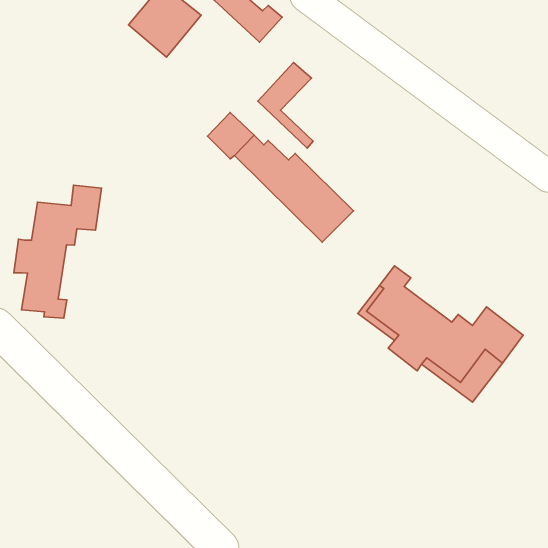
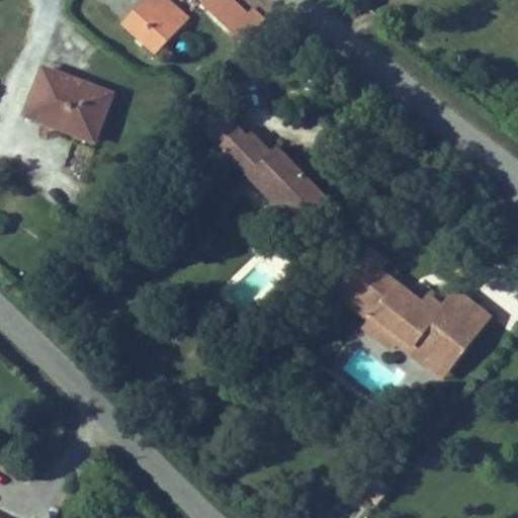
building: [258,62,313,148] -> none
building: none -> [22,64,114,143]
building: [14,185,102,318] -> none

